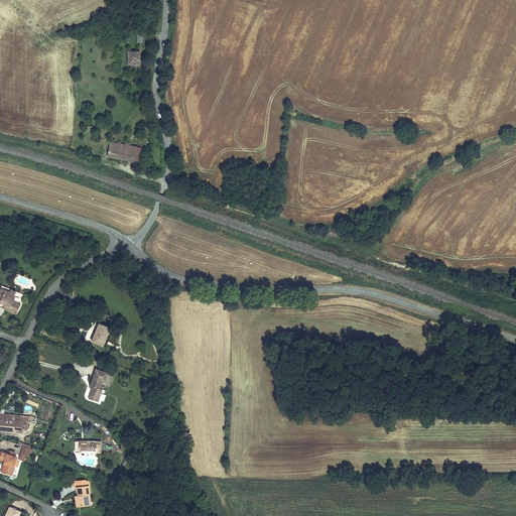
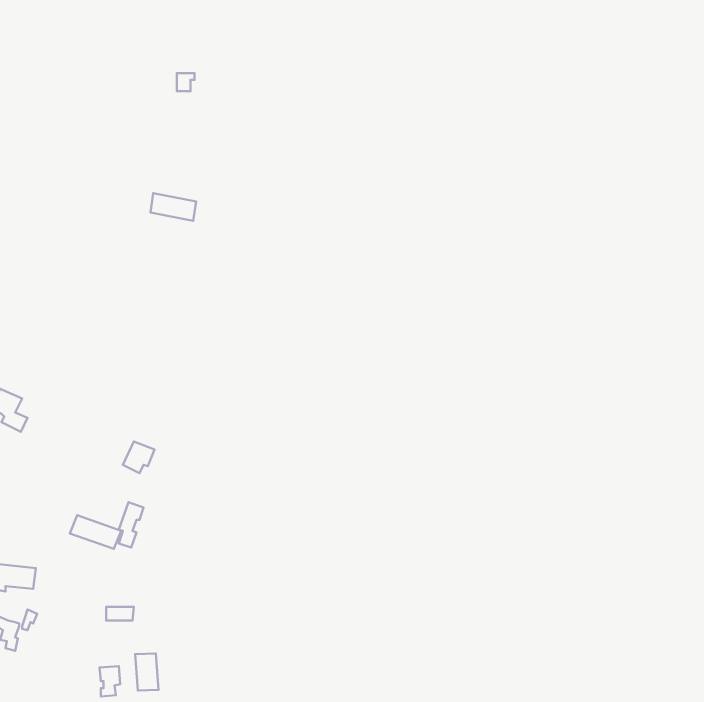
building: none -> [70,515,121,549]
building: none -> [135,654,158,690]

